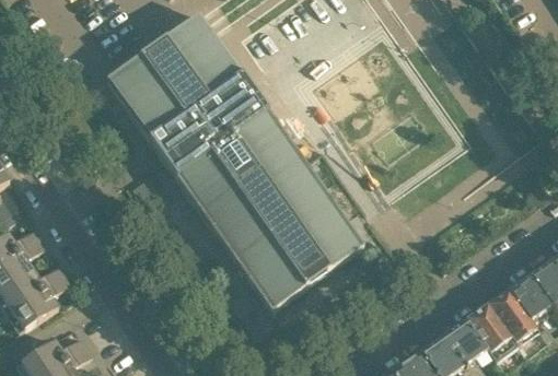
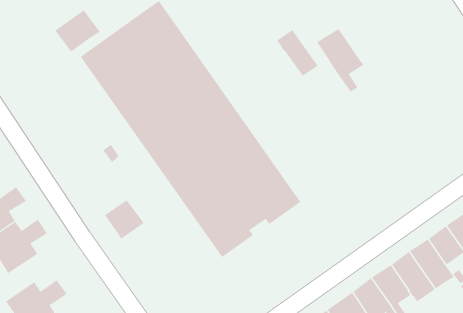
building: none -> [55,9,101,53]
building: none -> [316,28,364,93]
building: none -> [276,29,318,77]
building: none -> [104,199,144,239]

